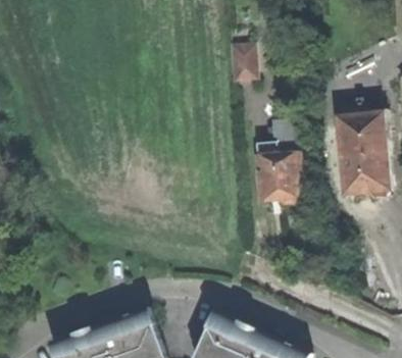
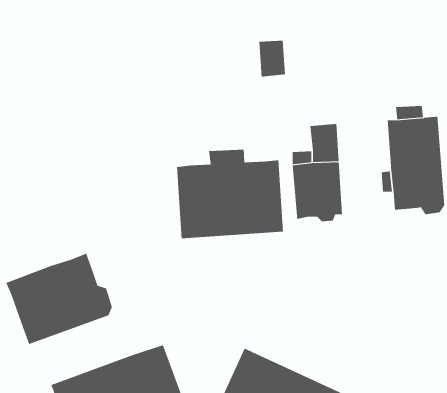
building: none -> [176,149,284,239]
building: none -> [6,253,112,345]

